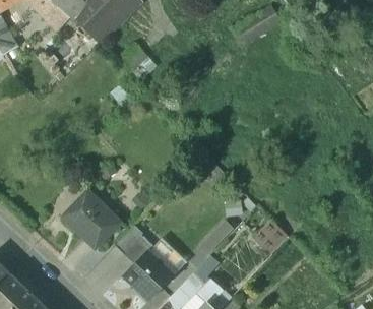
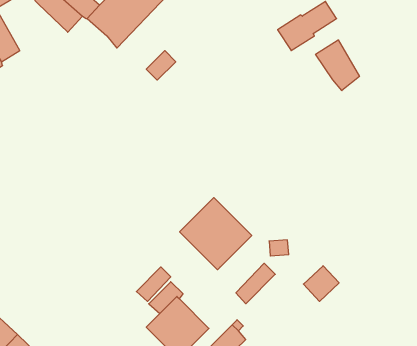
building: none -> [316,40,359,91]
building: none -> [180,198,252,270]
building: [62,190,120,248] -> none

